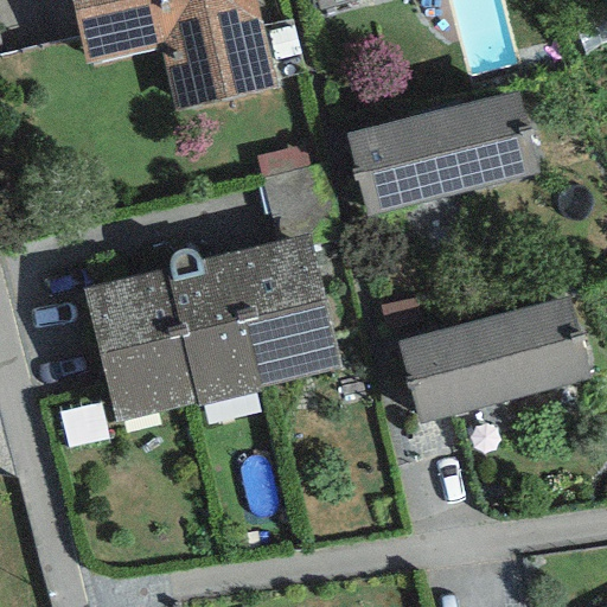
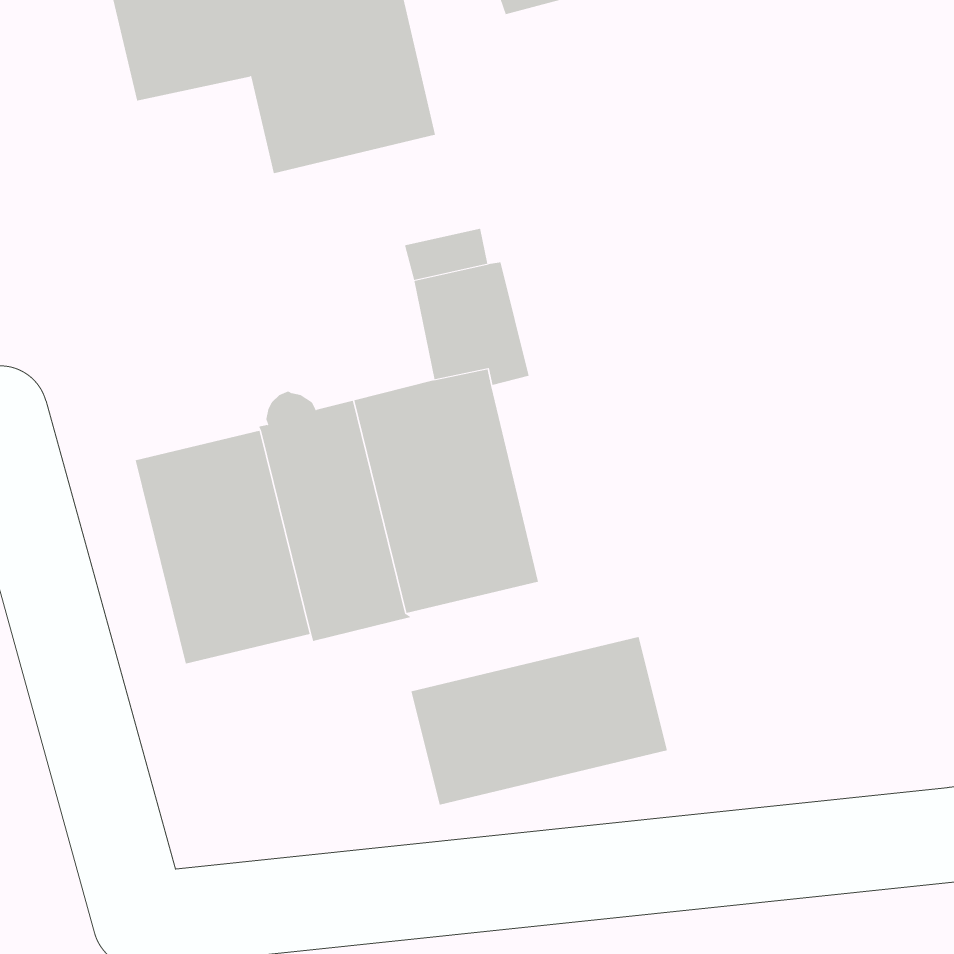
building: [347,88,539,215] -> none
building: [398,296,590,423] -> none
building: none -> [411,636,668,805]

